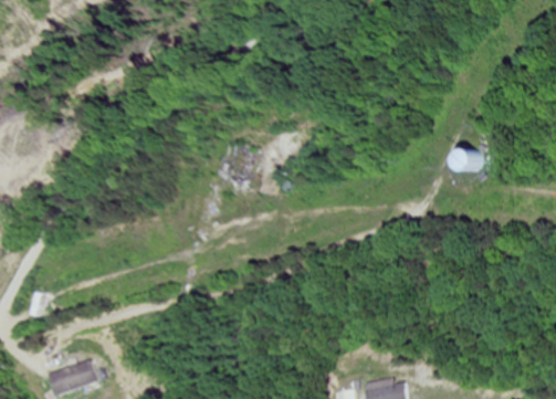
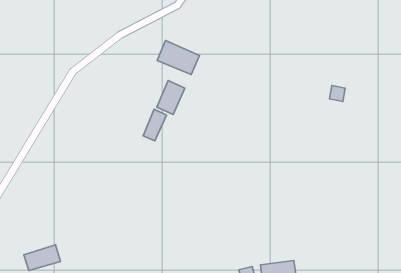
building: none -> [157,41,199,74]
building: none -> [143,109,166,141]

